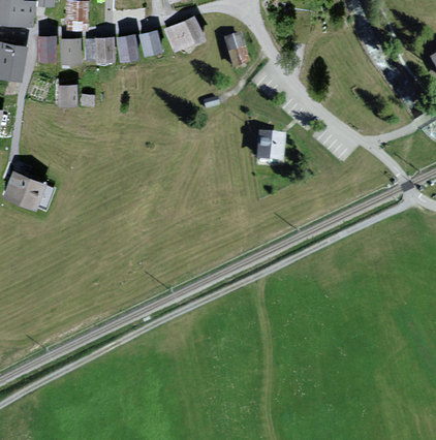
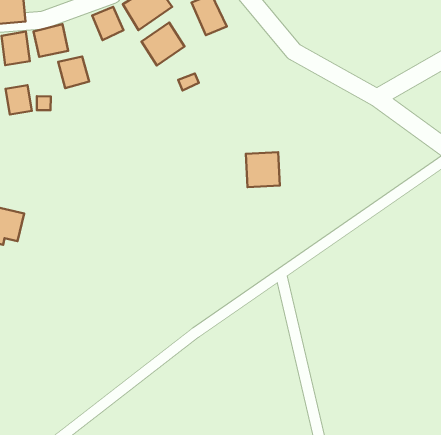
building: [116,35,138,59] -> [58,56,89,88]
building: none -> [142,23,184,66]
building: [257,130,287,161] -> [246,152,280,187]

